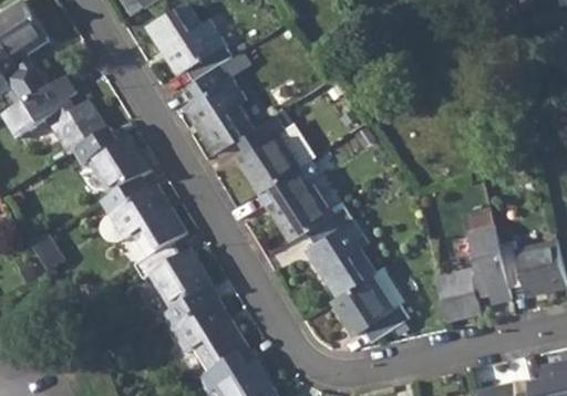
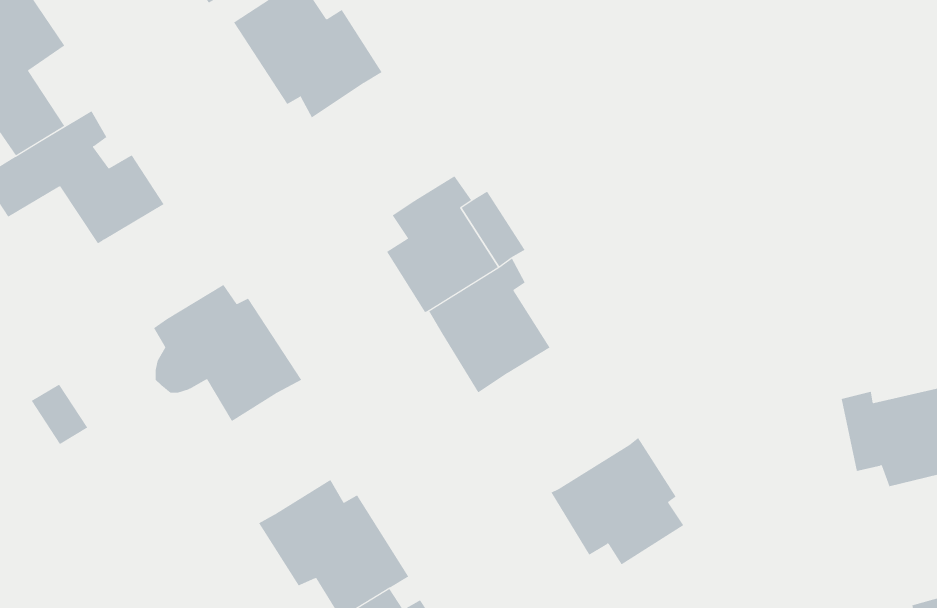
building: [182,63,252,156] -> none
building: [72,131,151,199] -> none
building: [305,207,377,298] -> none
building: [437,226,512,321] -> none
building: [134,242,213,312] -> none

